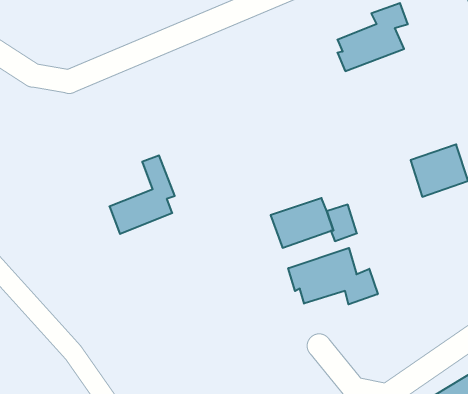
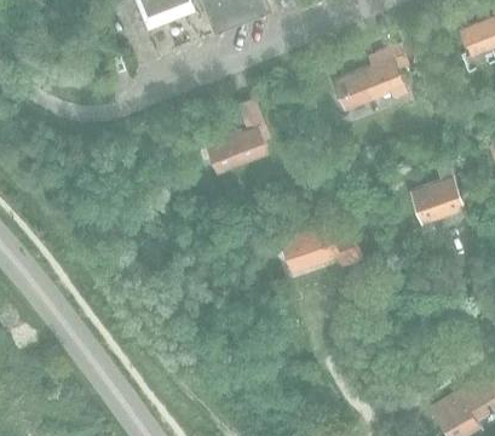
building: [109,155,175,234] -> [207,102,267,174]
building: [288,248,378,304] -> none

